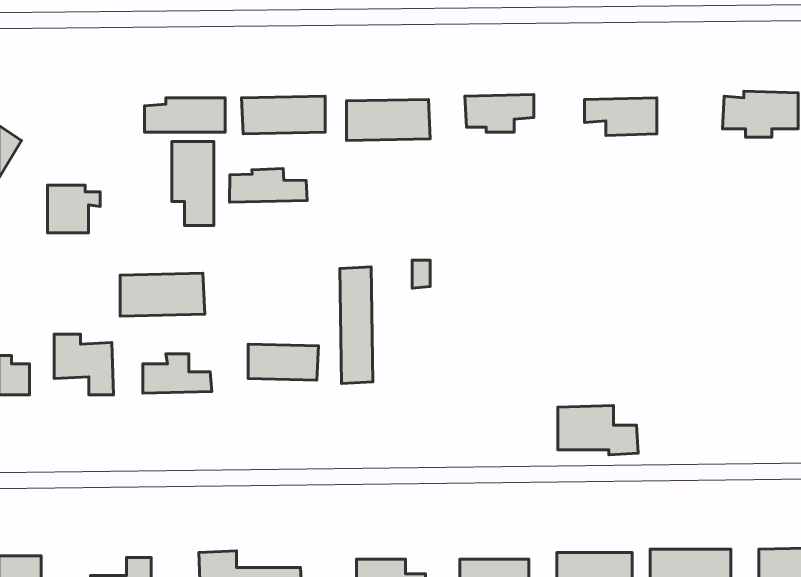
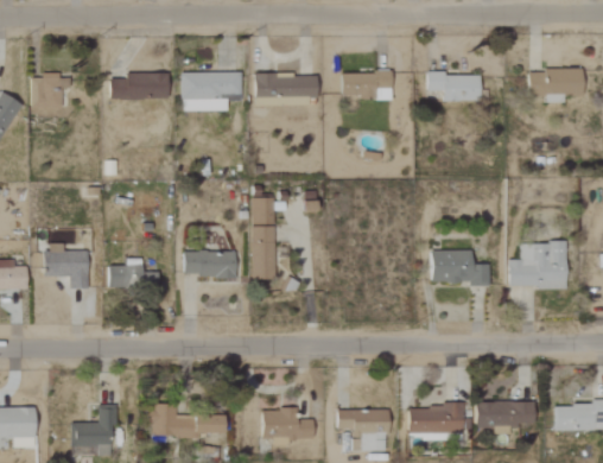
building: [172,142,214,226] -> none
building: [229,169,307,202] -> none
building: [47,185,100,233] -> [32,74,70,108]
building: [120,273,205,316] -> none
building: none -> [509,242,566,287]
building: [558,406,638,455] -> [432,250,490,286]

